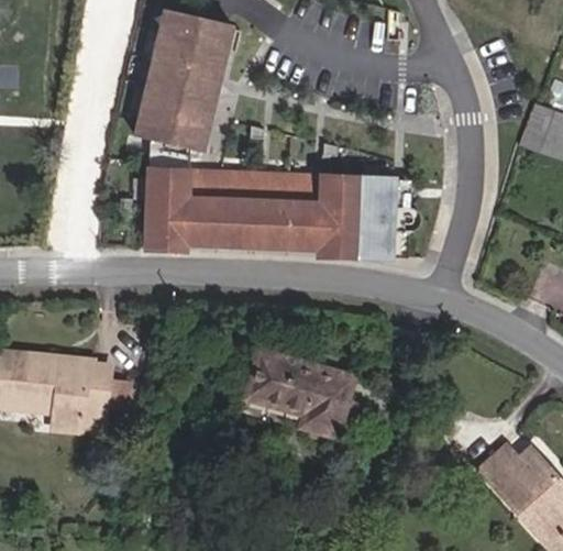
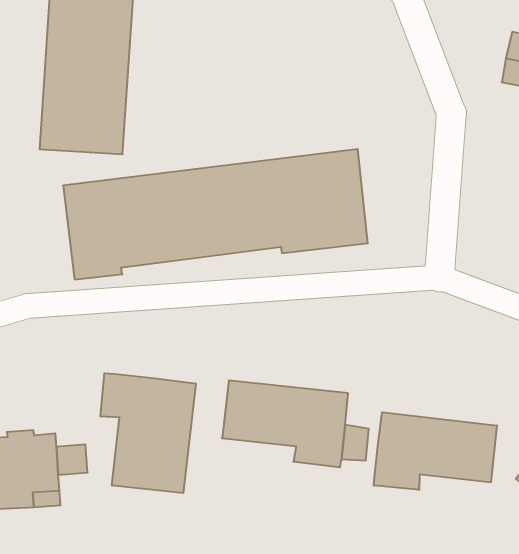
building: none -> [100,373,196,493]
building: none -> [374,412,497,490]

